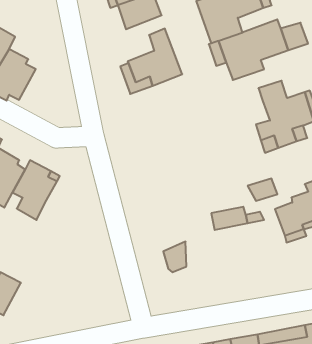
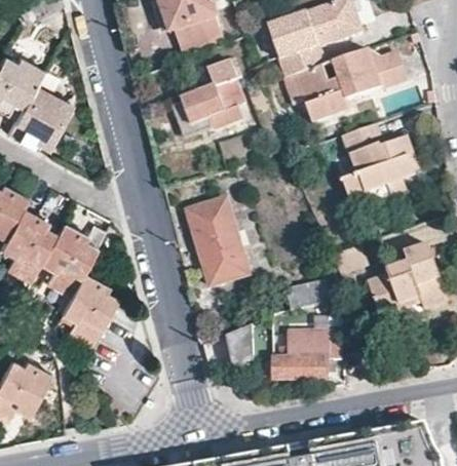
building: none -> [187,198,247,285]
building: none -> [61,271,117,345]
building: none -> [274,320,340,379]

